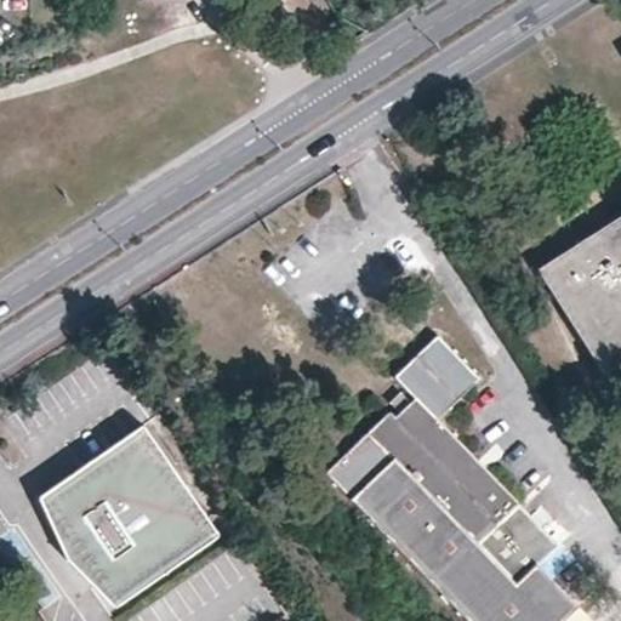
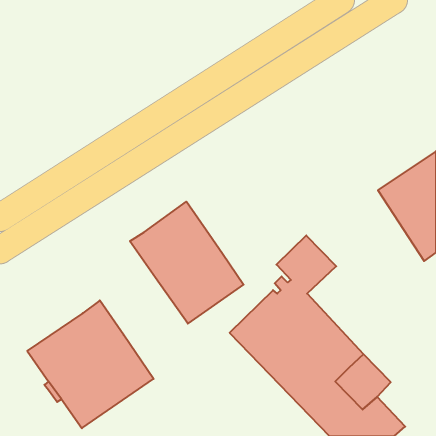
building: none -> [130,202,244,324]

